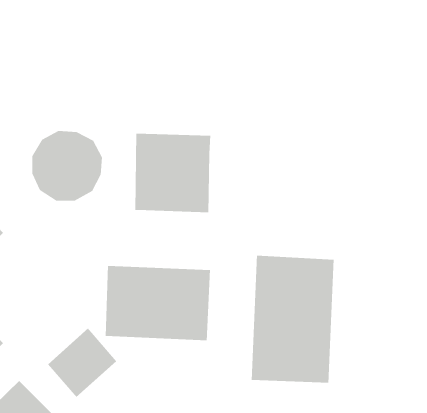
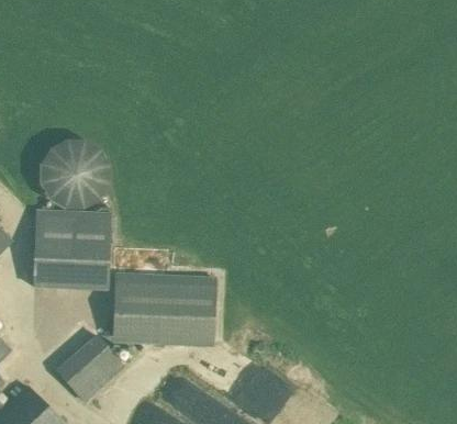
building: [134,133,211,213] -> [32,211,108,290]
building: [251,255,334,384] -> none

